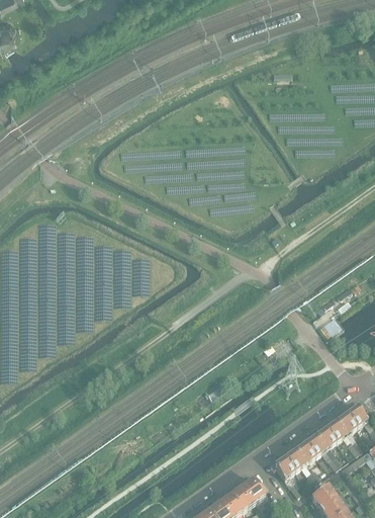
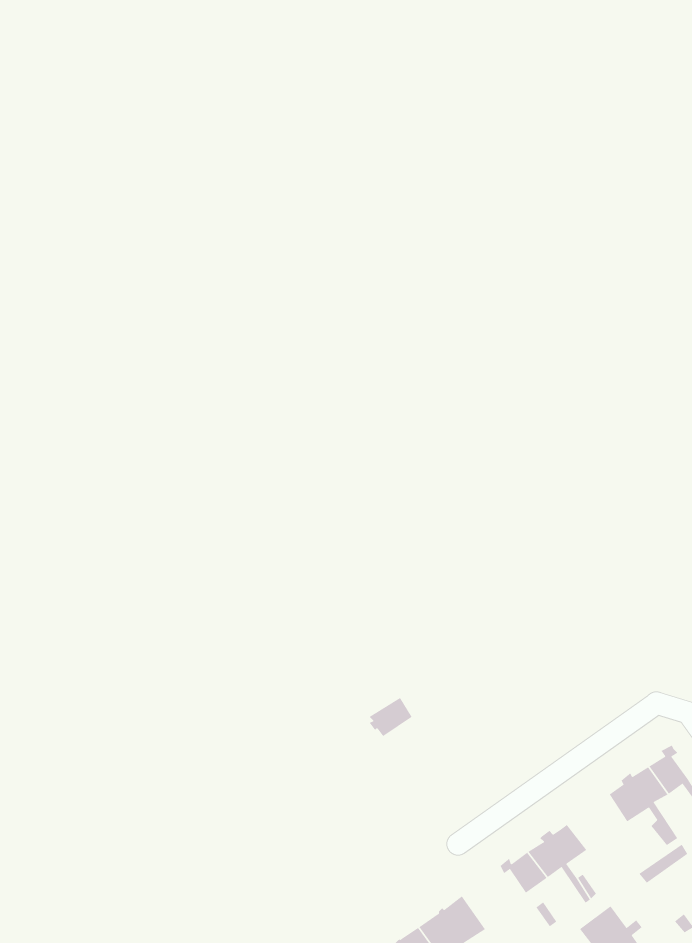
building: [306,427,342,468] -> none

